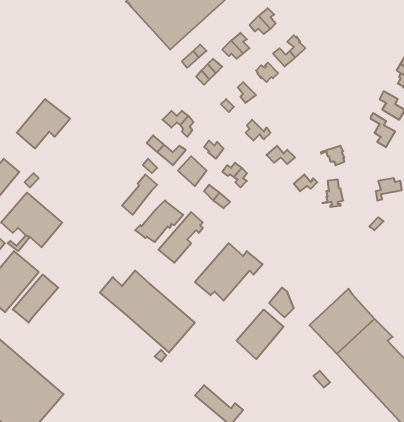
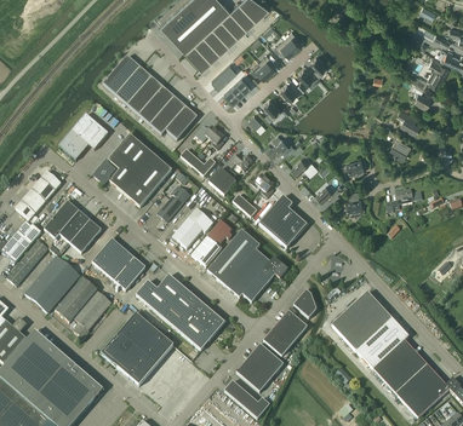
building: none -> [103,56,196,140]
building: none -> [95,134,171,207]
building: none -> [258,196,307,248]
building: none -> [207,230,259,286]
building: none -> [92,238,145,290]
building: none -> [73,290,112,339]
building: none -> [101,313,173,386]
building: none -> [236,344,284,392]

